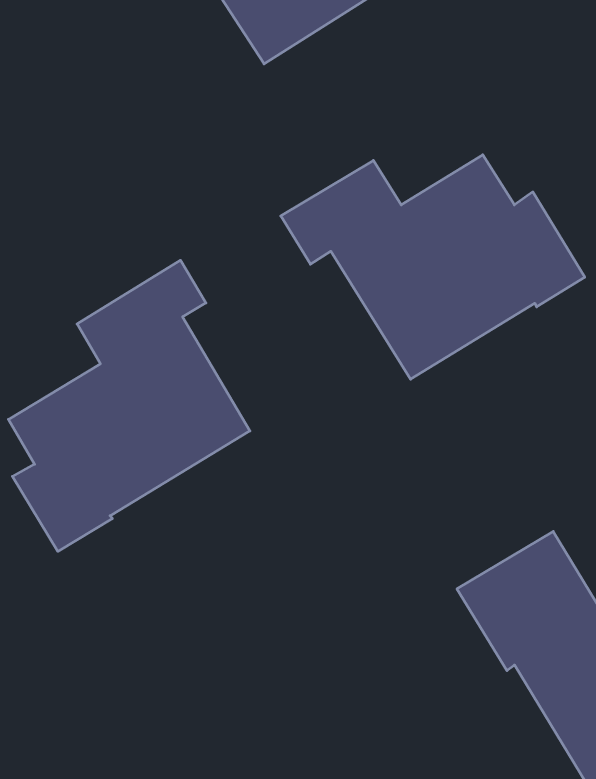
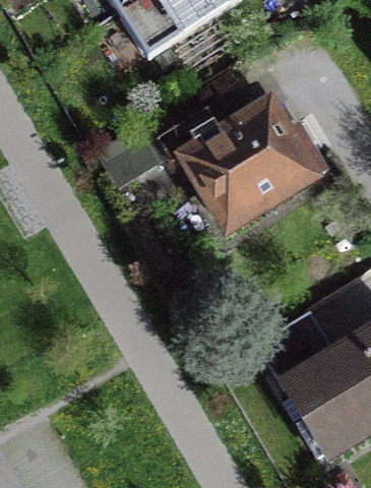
building: [8,260,250,551] -> none

